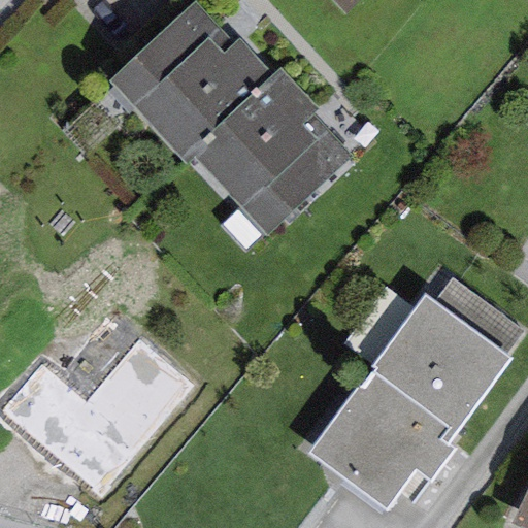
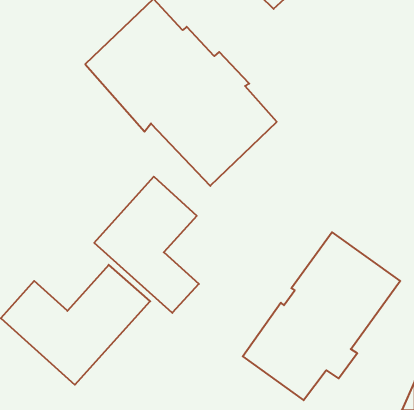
building: none -> [94,177,199,313]

